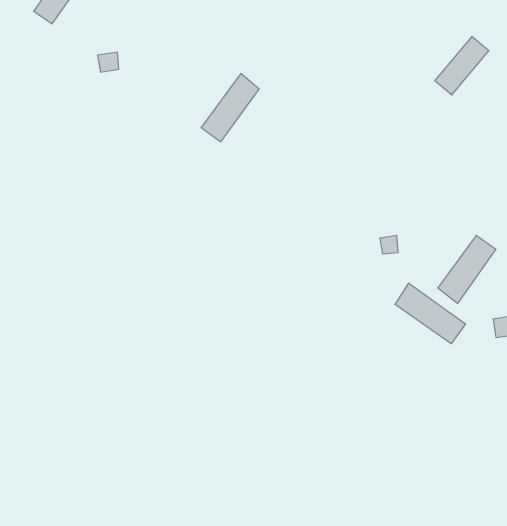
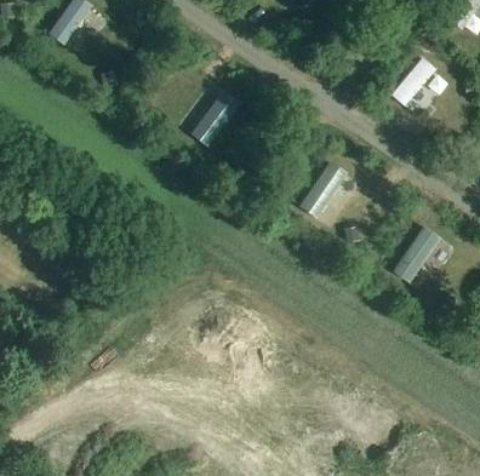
building: none -> [298,161,347,219]
building: [395,283,465,344] -> none

